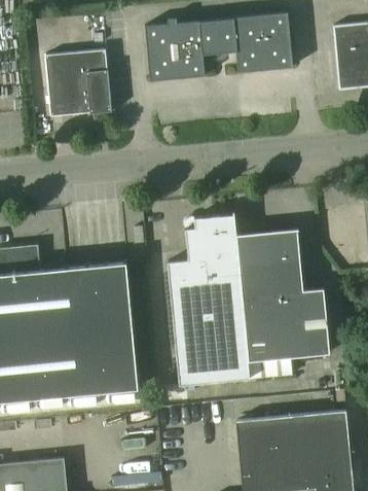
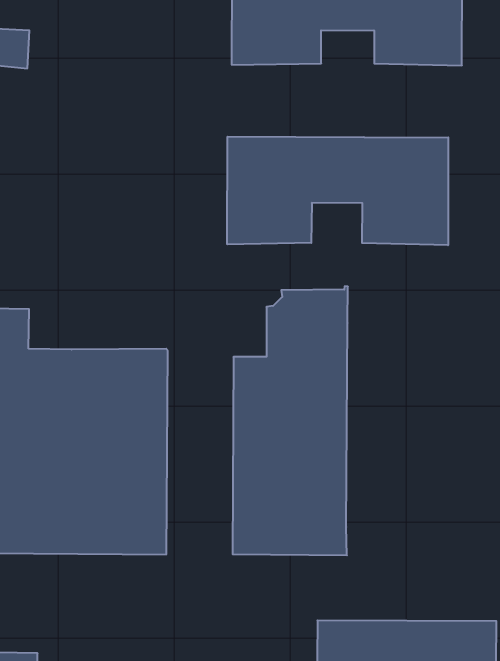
building: [44,49,112,117] -> none
building: none -> [227,137,448,245]
building: [236,229,329,361] -> none

